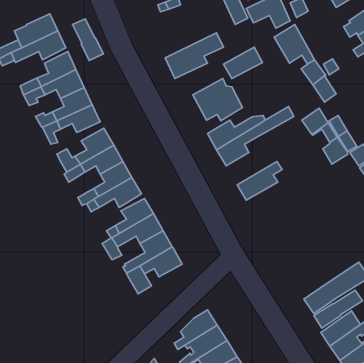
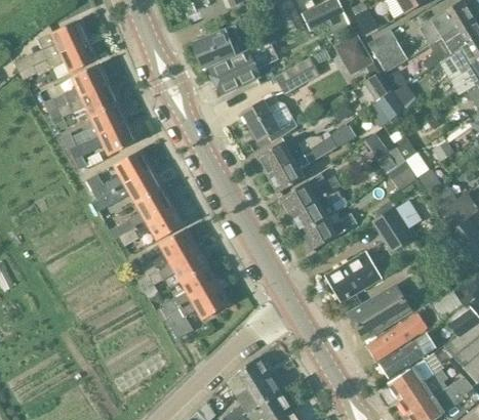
building: [72,19,104,61] -> none
building: none -> [191,28,234,68]
building: none -> [368,30,408,72]
building: none -> [281,178,336,214]
building: none -> [371,204,417,252]
building: none -> [302,211,357,249]
building: none -> [325,250,381,302]
building: none -> [350,284,414,338]

